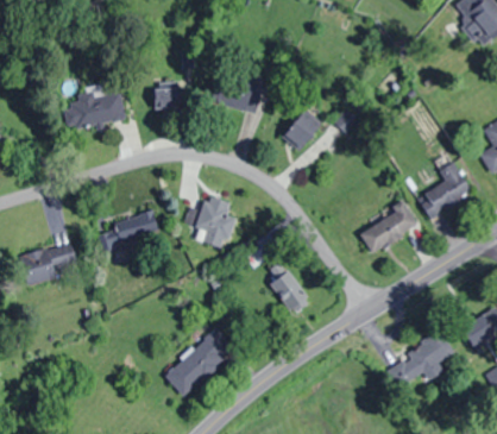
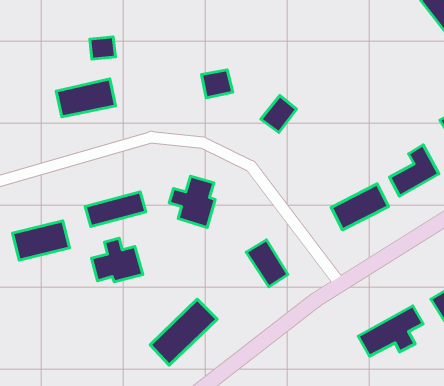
building: [153,87,181,111] -> [90,37,115,59]
building: none -> [91,238,143,282]

